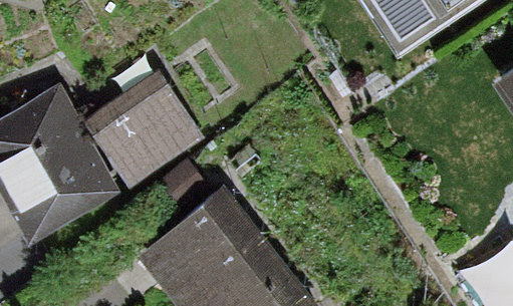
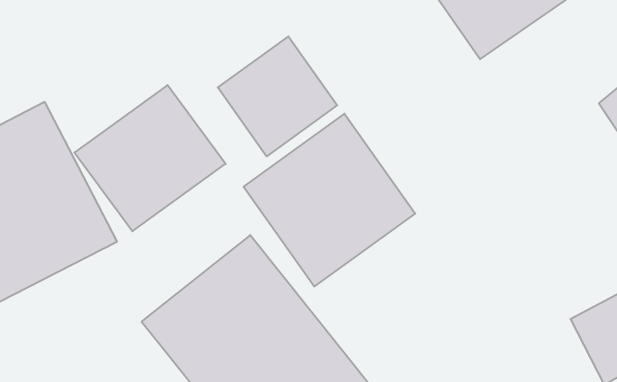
building: none -> [218,36,337,156]
building: none -> [244,114,415,287]

